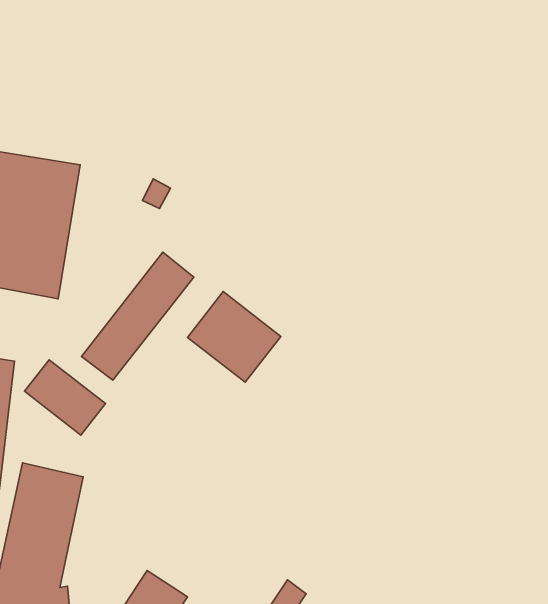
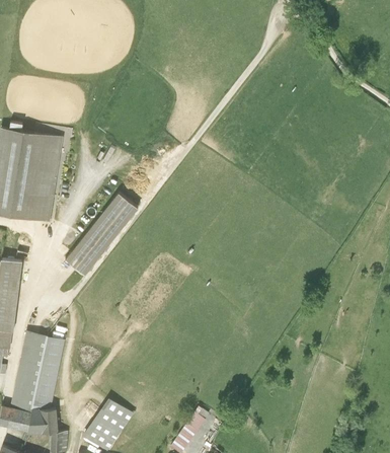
building: [187,292,281,382] -> none
building: [25,360,106,435] -> none

